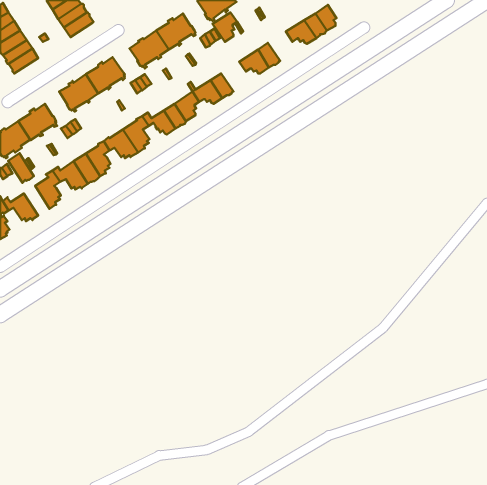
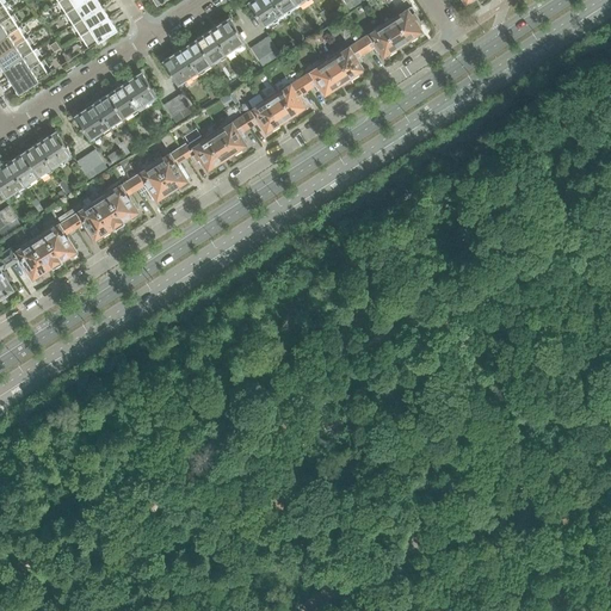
building: [212,12,237,42] -> [277,80,308,117]
building: none -> [335,42,366,79]
building: [8,153,34,183] -> [30,235,62,272]

